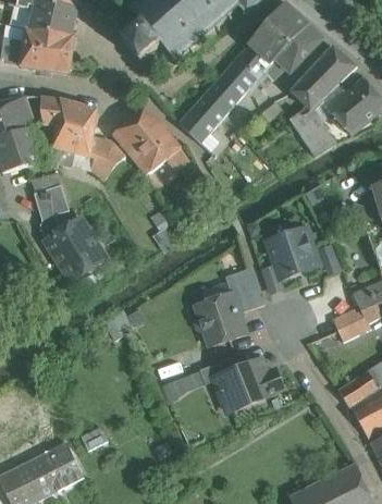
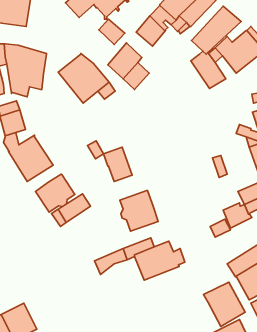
building: [204,79,238,113] -> [99,19,125,45]
building: [90,135,125,179] -> none
building: [266,225,321,279] -> none
building: [225,266,263,311] -> [104,147,132,182]
building: none -> [35,174,75,212]
building: none -> [203,282,245,327]

